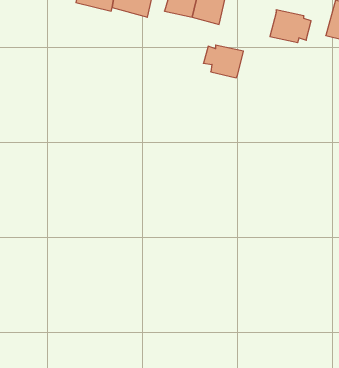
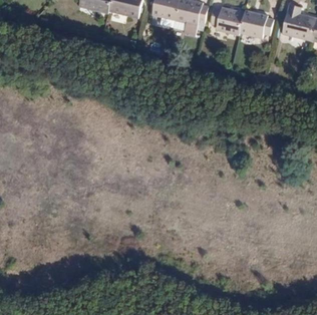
building: [203,45,243,78] -> [211,9,244,36]

